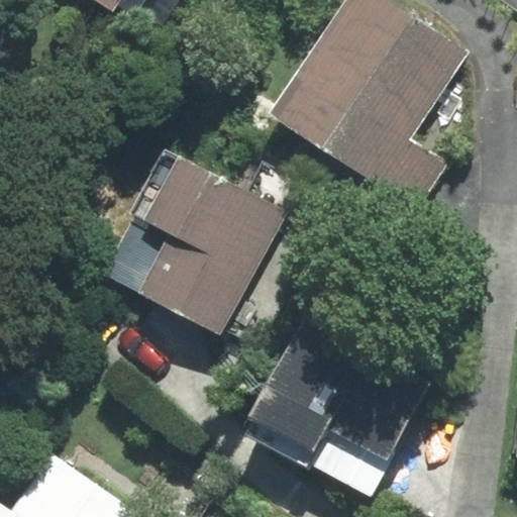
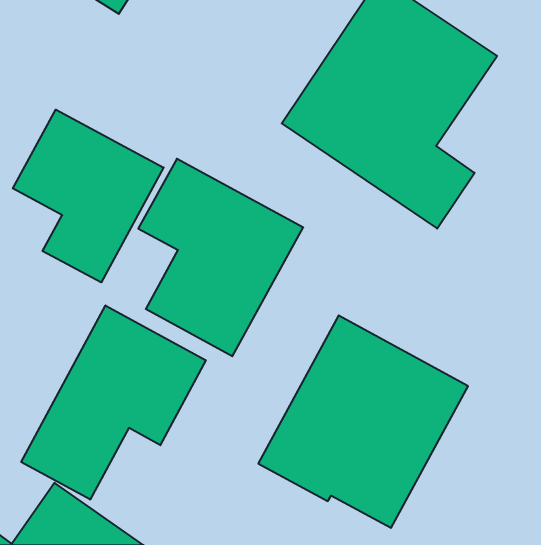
building: none -> [13,110,164,282]
building: none -> [21,305,206,500]

